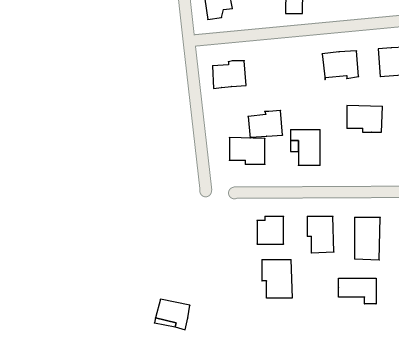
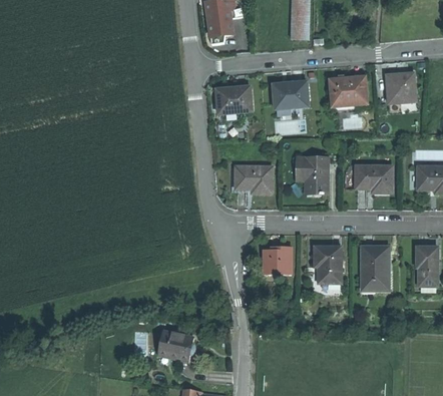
building: [347,106,382,132] -> [355,164,391,191]
building: [248,110,283,138] -> [273,81,308,109]
building: [262,260,292,298] -> none
building: [339,278,376,304] -> none

